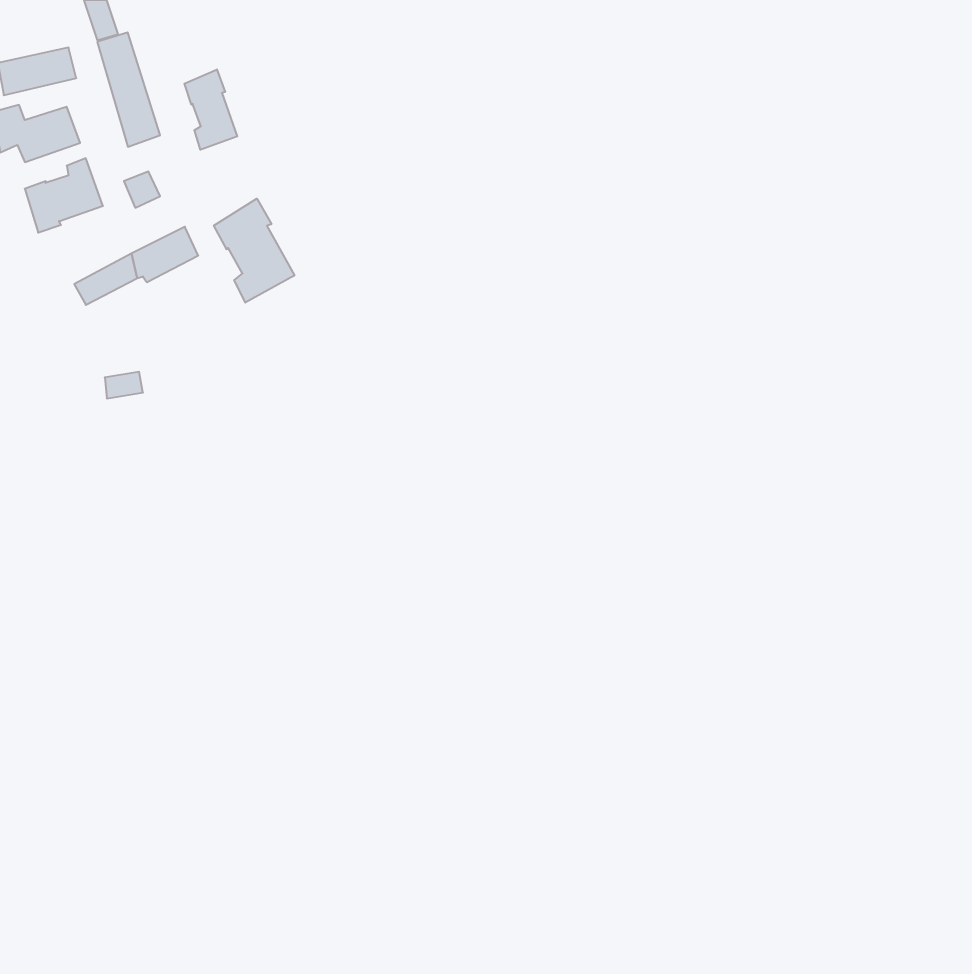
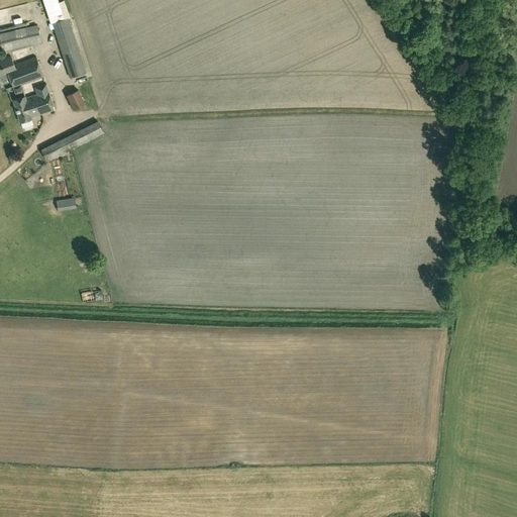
building: [184,69,237,150] -> none
building: [214,199,294,303] -> none

